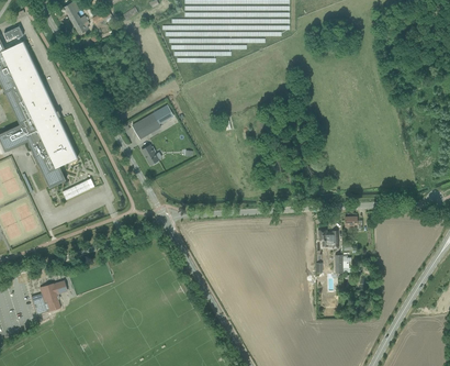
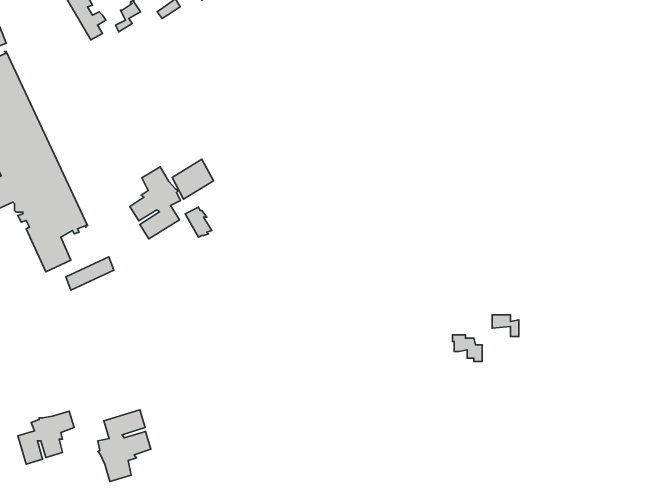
building: none -> [130,167,180,239]
building: none -> [98,410,151,482]

